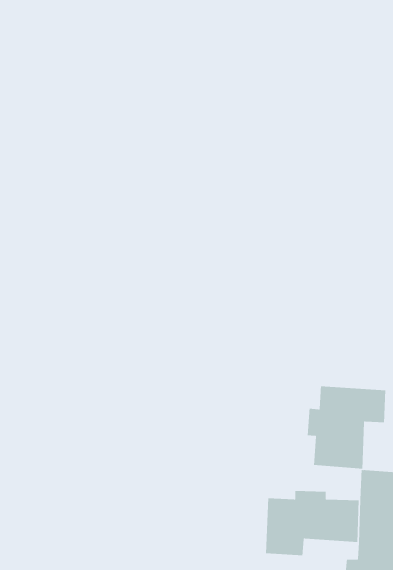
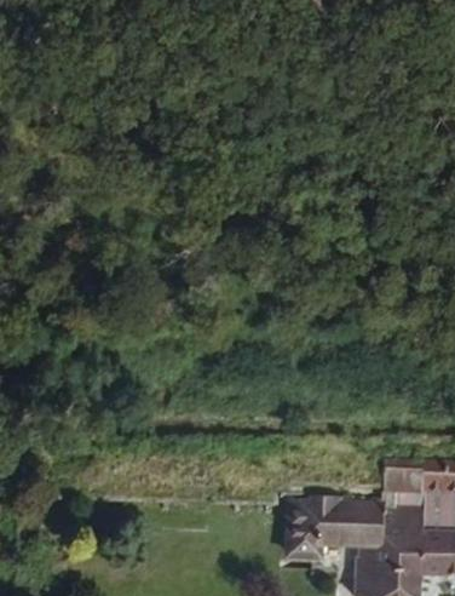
building: [307,385,386,469] -> none

